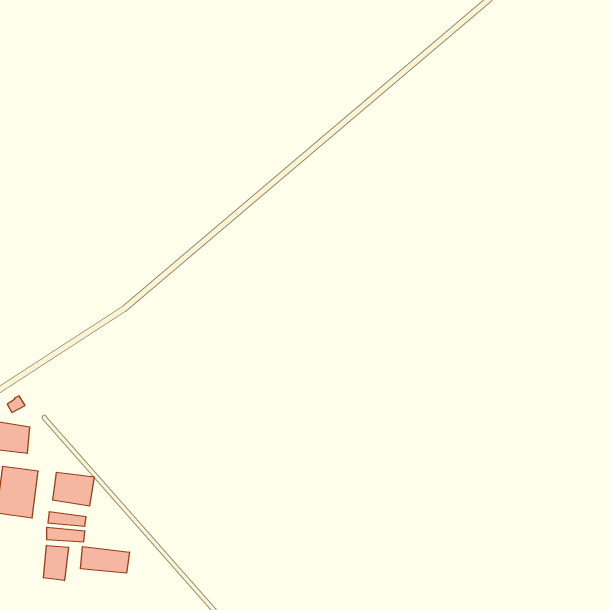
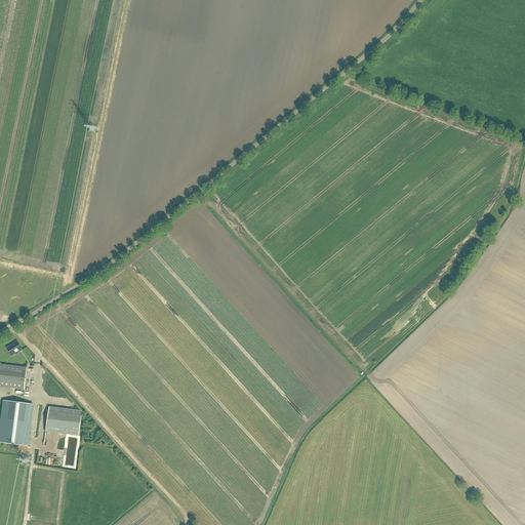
building: [44,545,69,581] -> none
building: [81,547,129,573] -> none

